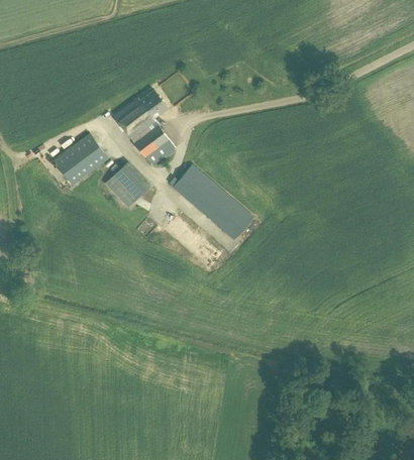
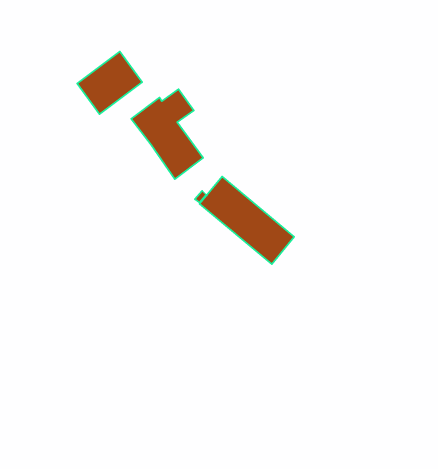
building: [54,132,109,186] -> [77,51,142,114]
building: [104,160,151,208] -> none

